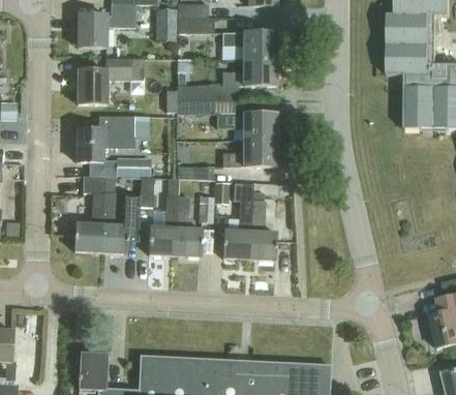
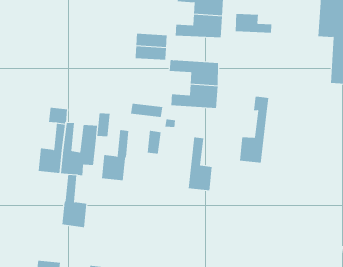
building: none -> [235,13,272,33]
building: [73,58,144,104] -> none
building: [77,116,134,161] -> none
building: [116,157,146,176] -> none
building: [222,183,252,260] -> [239,96,269,163]
building: [174,198,202,257] -> [62,174,87,228]

